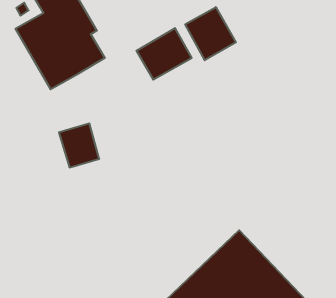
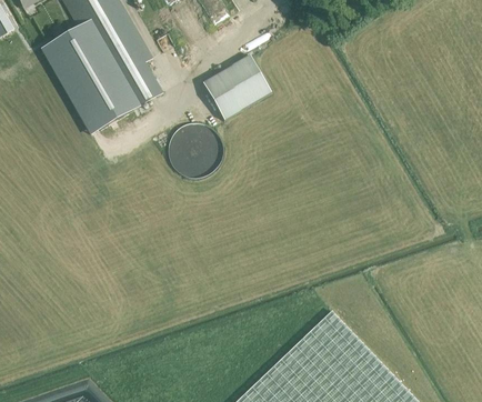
building: [185,7,236,60] -> none
building: [59,124,99,167] -> [171,120,222,175]

